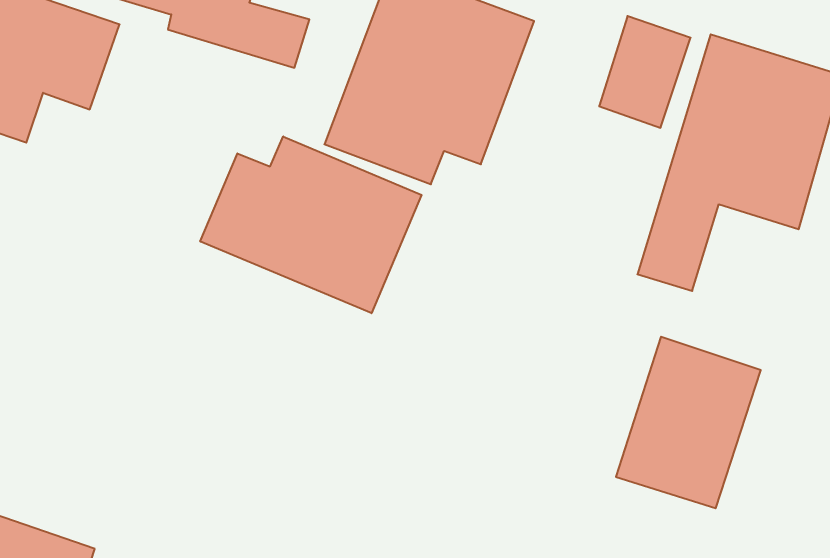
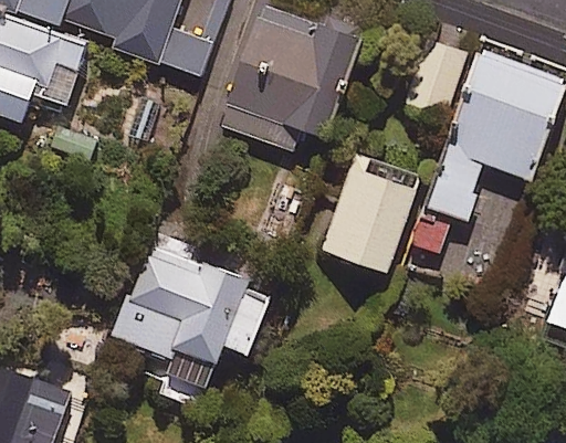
building: [200,136,422,313] -> none
building: none -> [113,234,272,377]
building: [616,337,761,508] -> [322,160,418,274]

